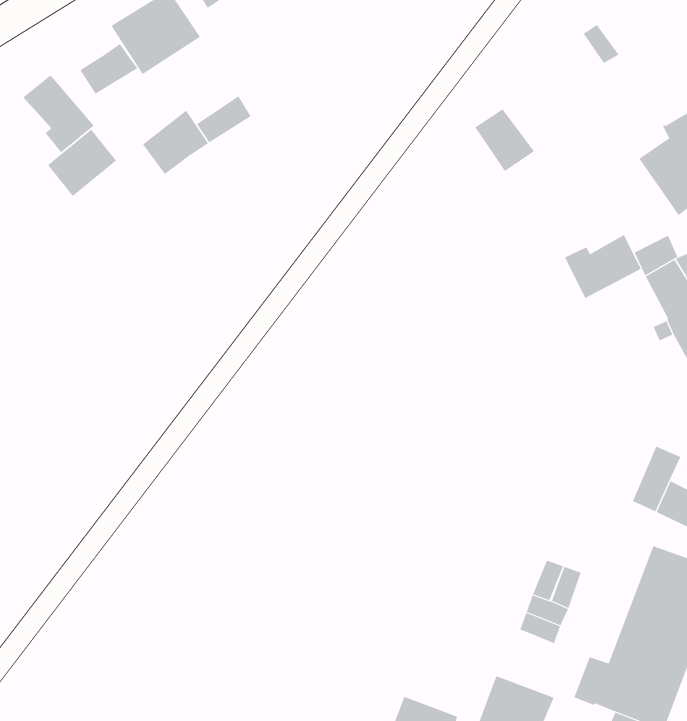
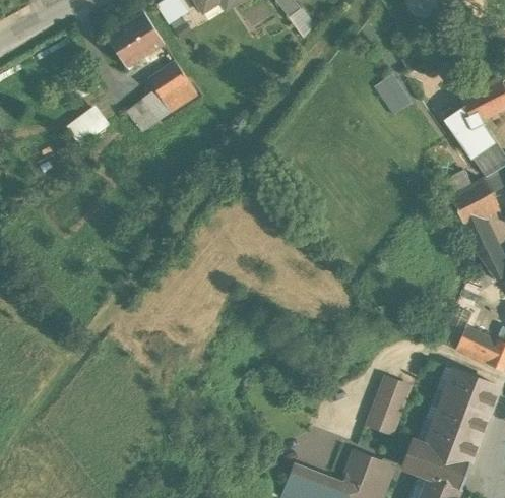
building: [80,43,138,94] -> none
building: none -> [150,64,189,100]
building: [23,75,94,153] -> none
building: [474,108,535,172] -> [374,73,413,114]
building: [564,234,641,299] -> none

